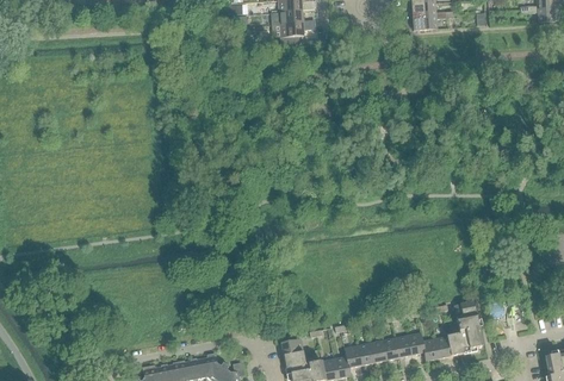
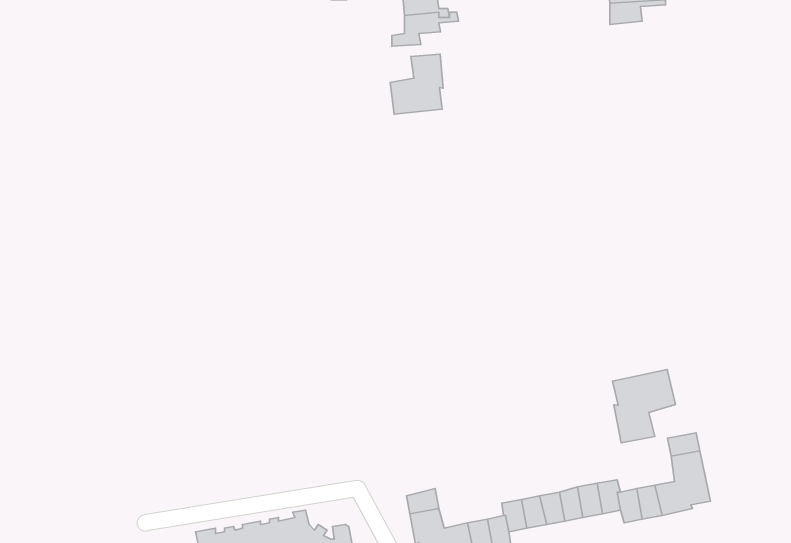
building: none -> [390,54,443,114]
building: none -> [612,370,675,443]

